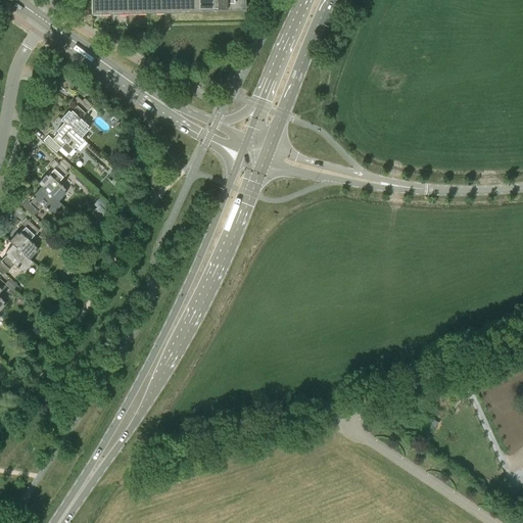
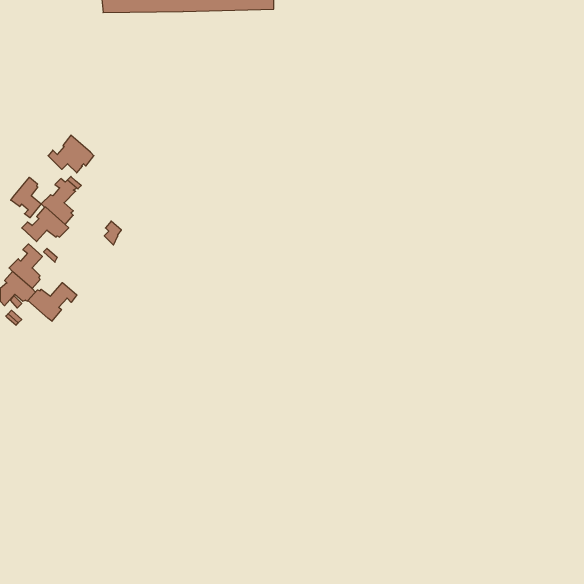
building: [61,96,91,136] -> none
building: none -> [11,177,41,218]
building: none -> [28,283,77,321]

